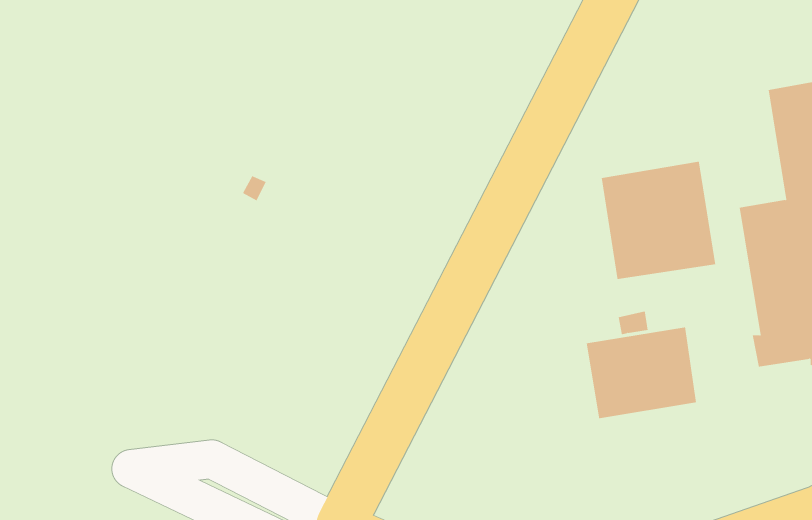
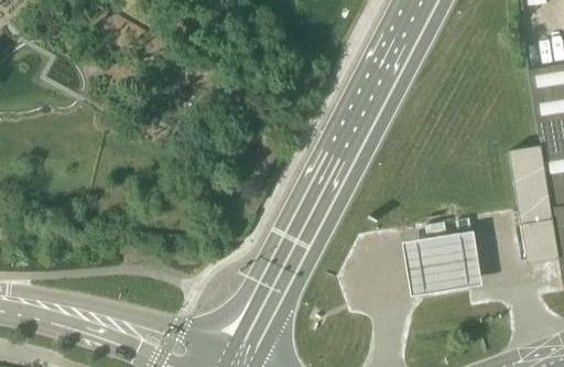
building: [601,161,716,280] -> none

